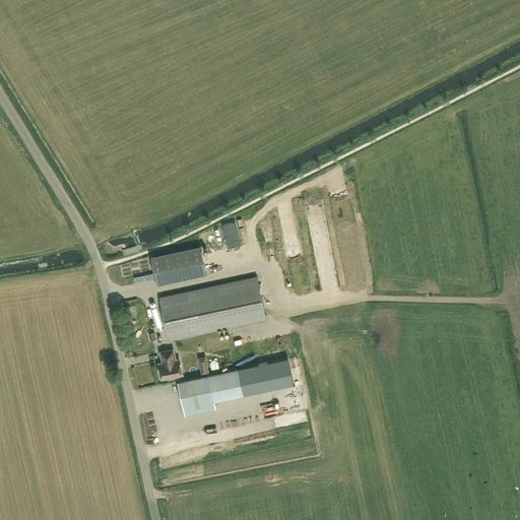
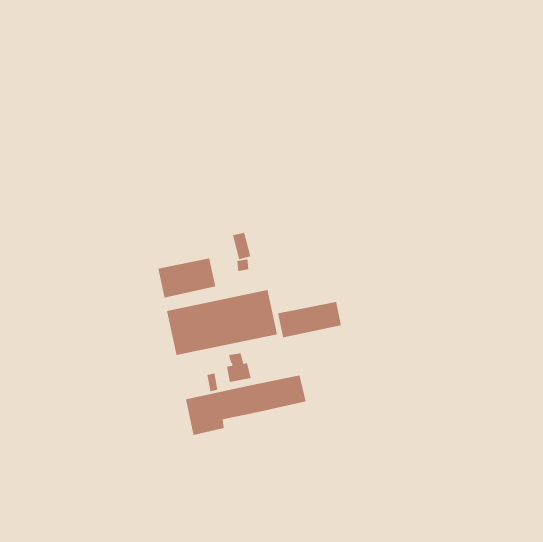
building: none -> [278,301,341,338]
building: [157,351,182,380] -> [226,353,252,383]

